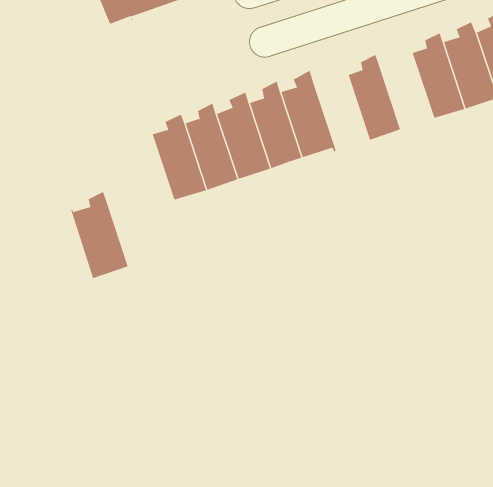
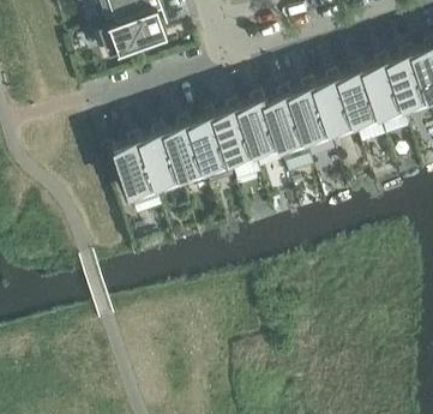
building: none -> [317,72,359,138]
building: none -> [267,88,313,167]
building: [71,191,129,279] -> [115,134,160,202]

